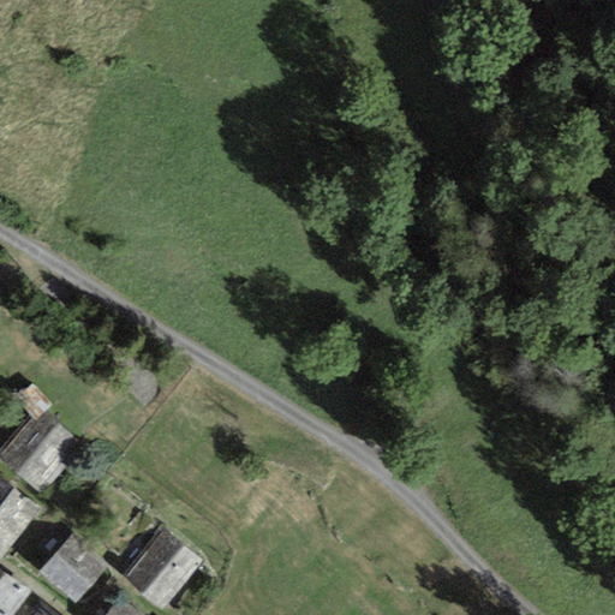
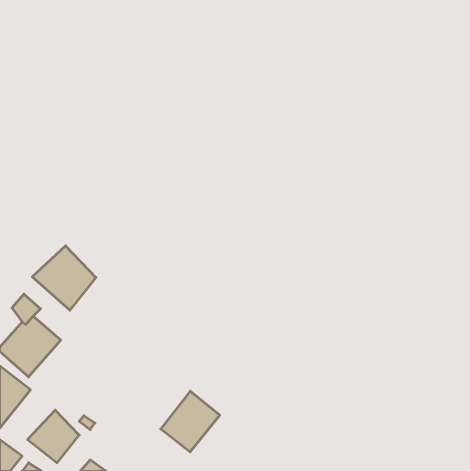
building: none -> [32,246,96,310]
building: [124,530,201,609] -> [161,391,220,452]

